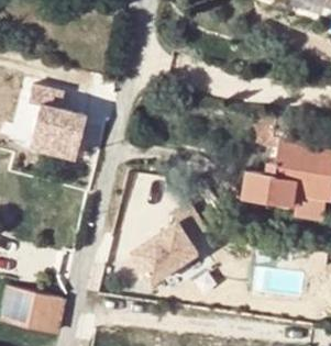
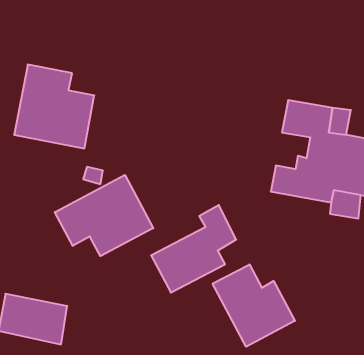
building: none -> [55,175,153,256]
building: none -> [213,264,295,347]

